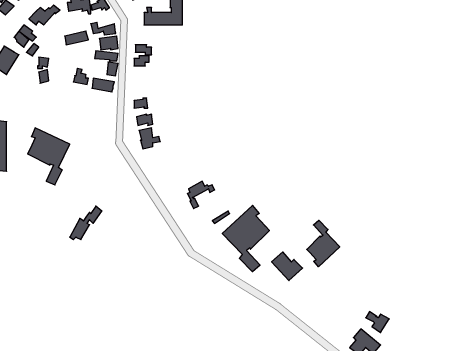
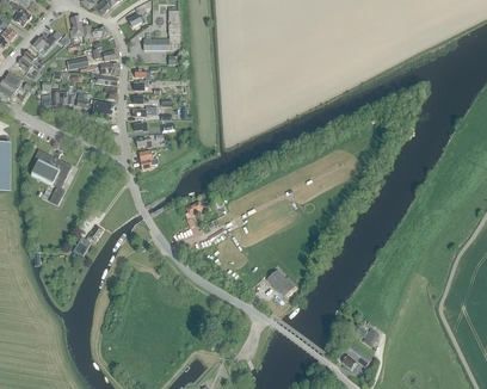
building: [222,205,269,272] -> none
building: [307,220,340,267] -> none

